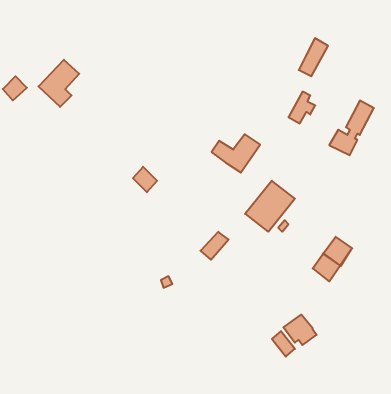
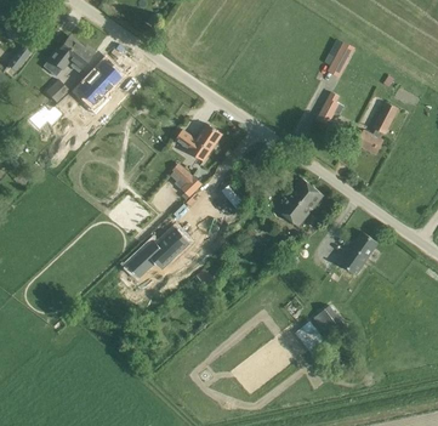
building: none -> [49,35,92,69]
building: [212,134,260,173] -> [175,124,221,160]
building: none -> [135,228,189,269]

